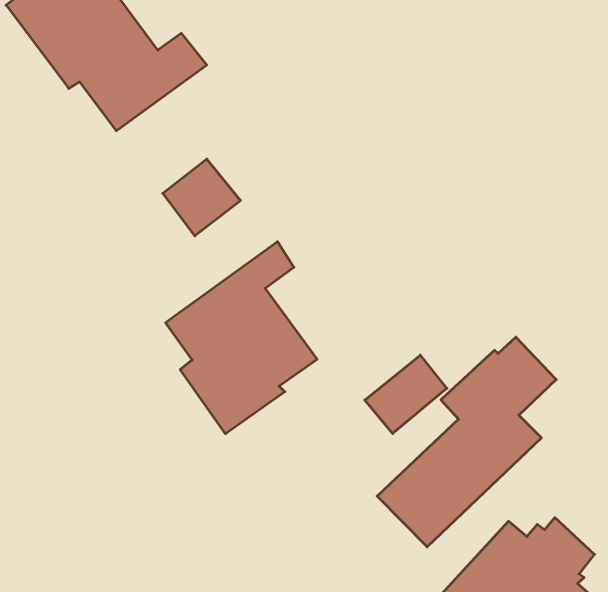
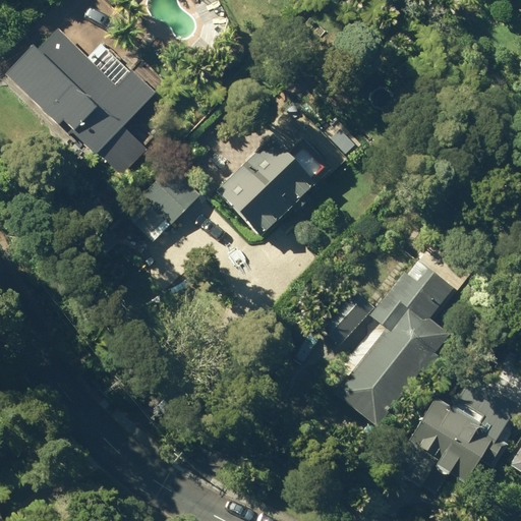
building: none -> [216,119,333,235]
building: [166,242,317,434] -> none

